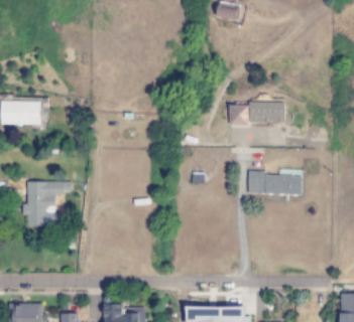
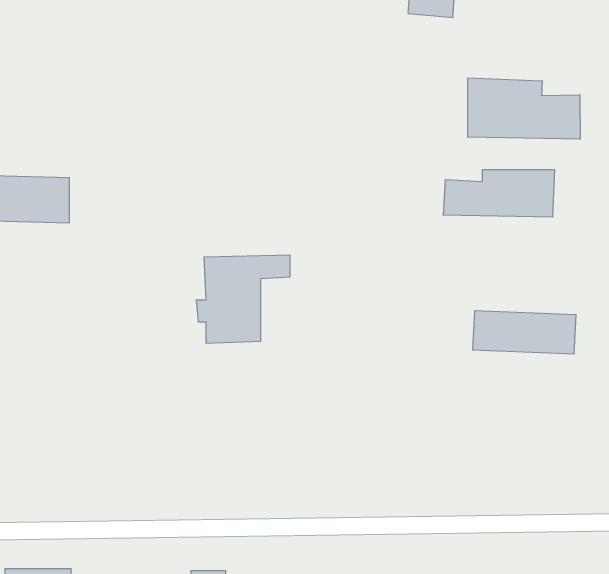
building: none -> [468,78,580,139]
building: [22,181,71,226] -> [196,255,290,343]

